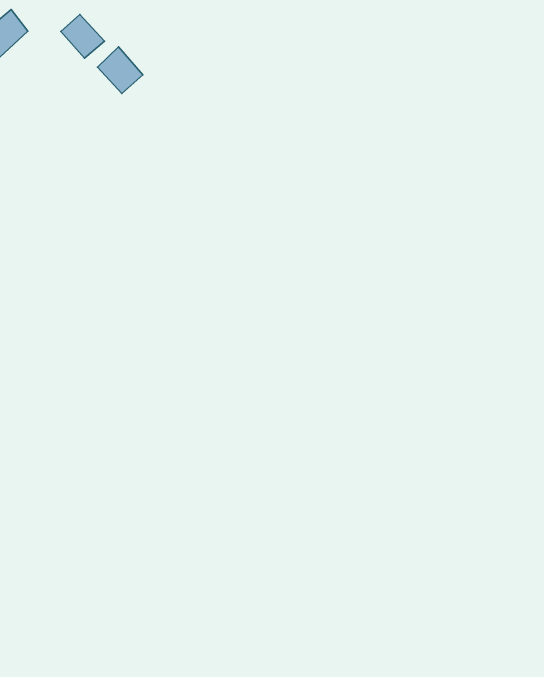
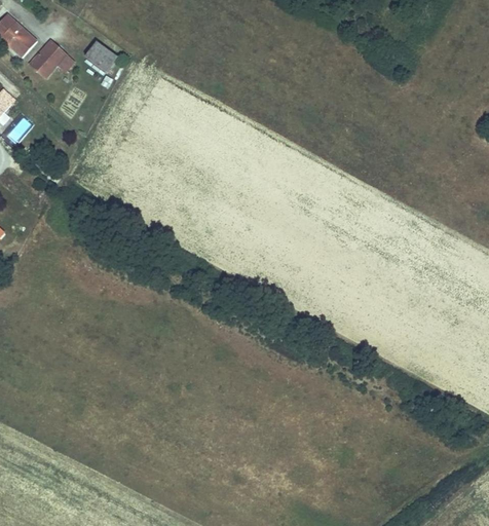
building: [97,47,143,94] -> none

